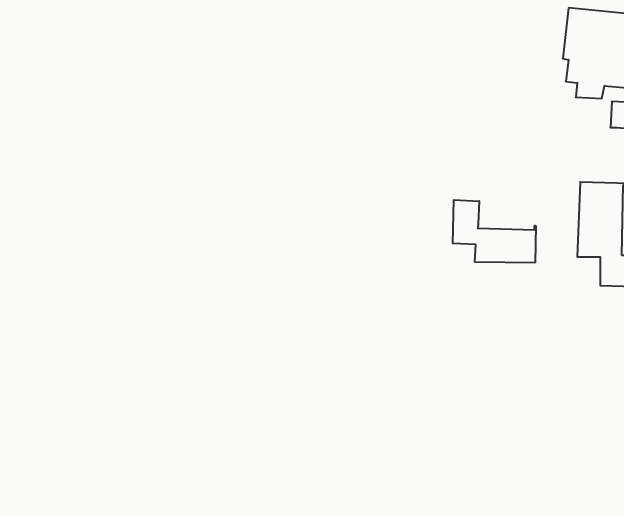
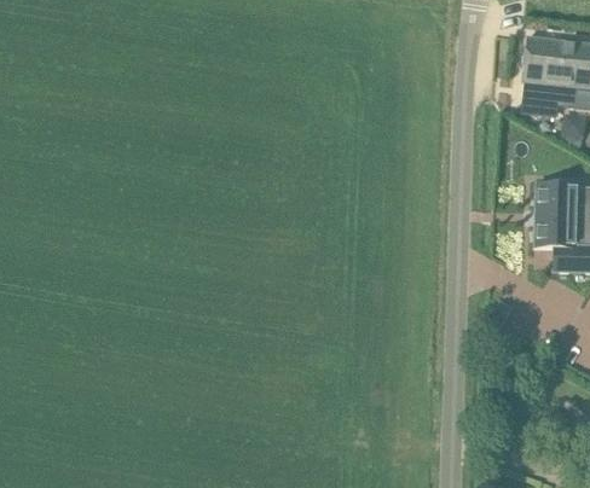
building: [453,200,536,263] -> none

